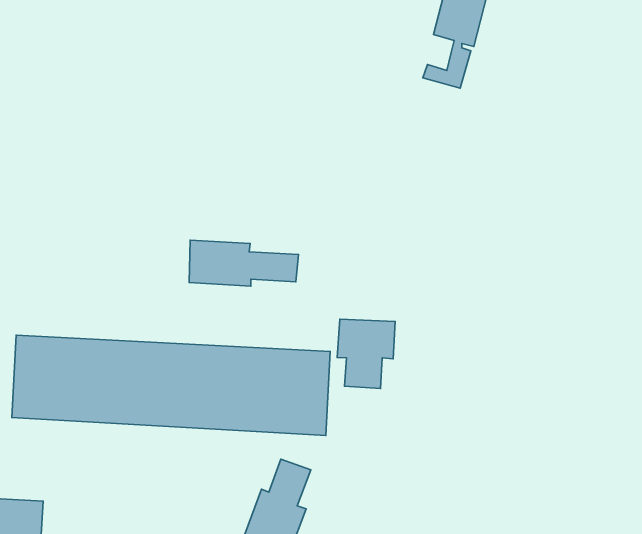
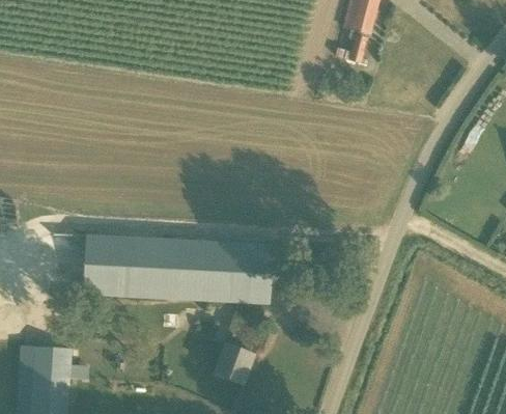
building: [189,240,298,286] -> none
building: [337,319,395,389] -> none

